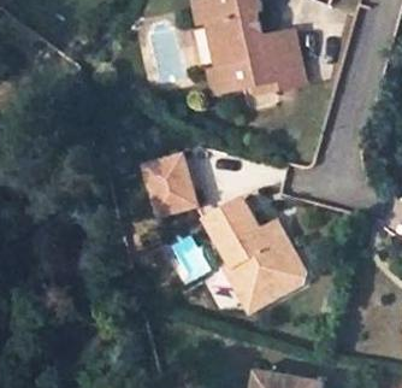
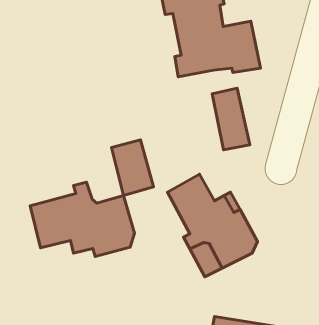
building: none -> [212,88,250,150]
building: none -> [30,182,135,257]

